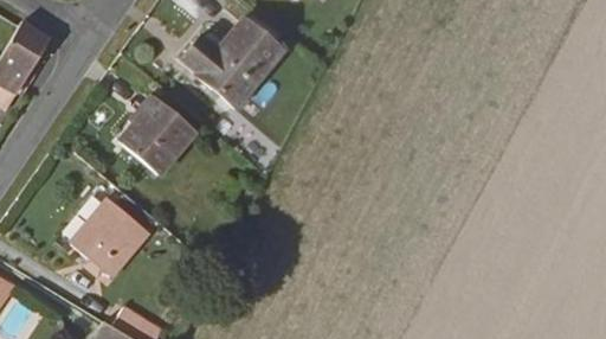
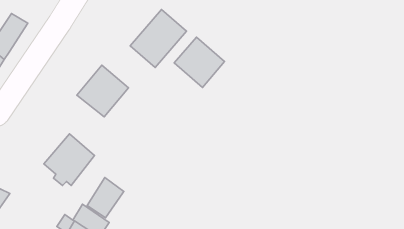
building: none -> [174,37,225,87]
building: none -> [87,177,124,218]

